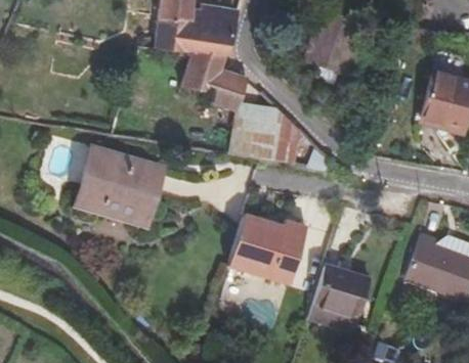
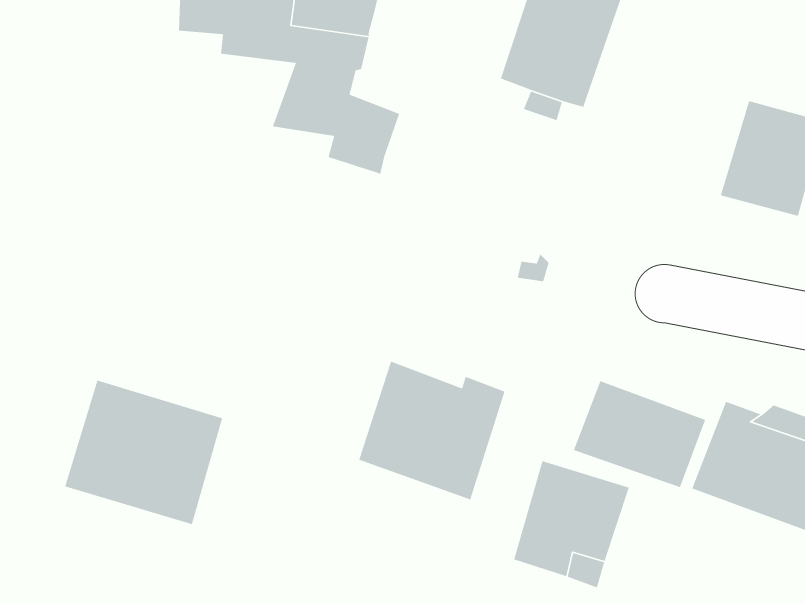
building: [230,102,299,162] -> none
building: [77,147,162,225] -> [64,379,223,525]
building: none -> [573,380,706,488]

